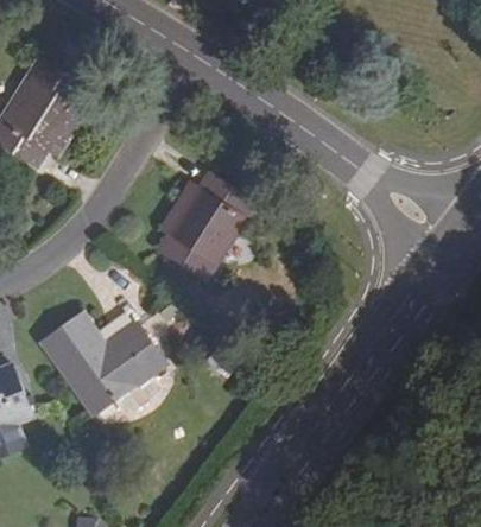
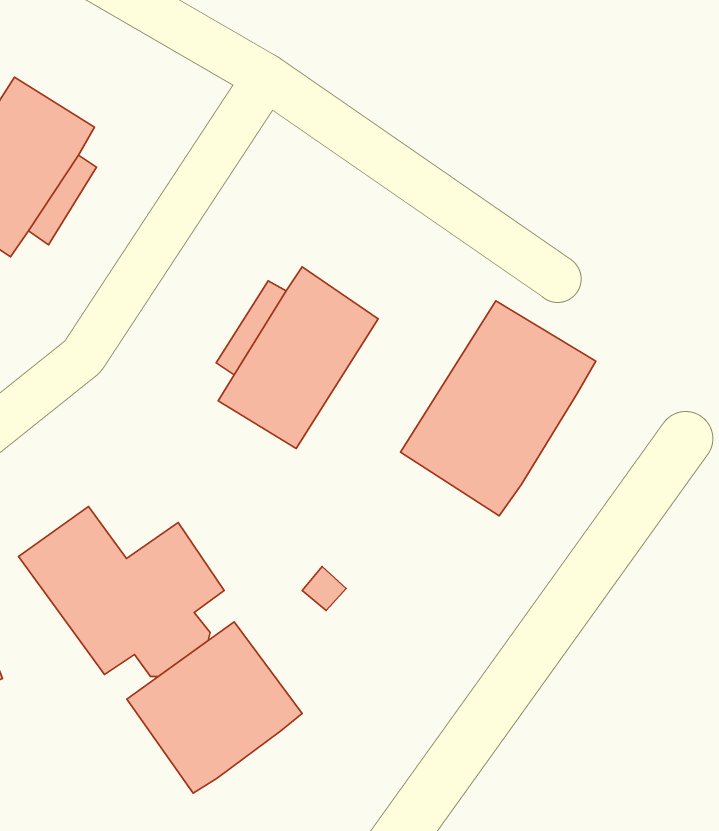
building: none -> [401,301,596,516]
building: none -> [127,622,302,793]

